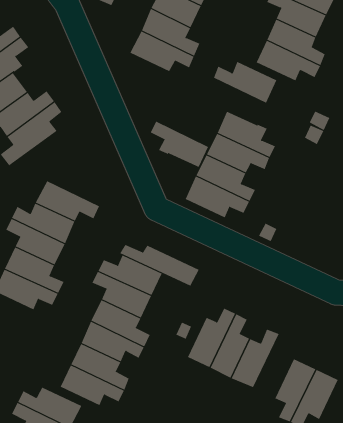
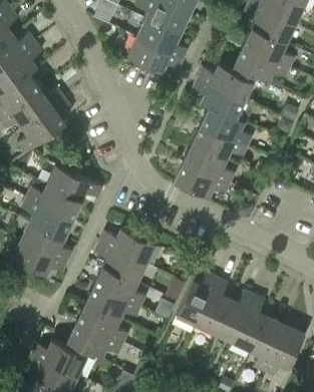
building: [150,121,209,168] -> [194,78,244,118]
building: [120,244,199,287] -> none
building: none -> [233,296,267,351]

